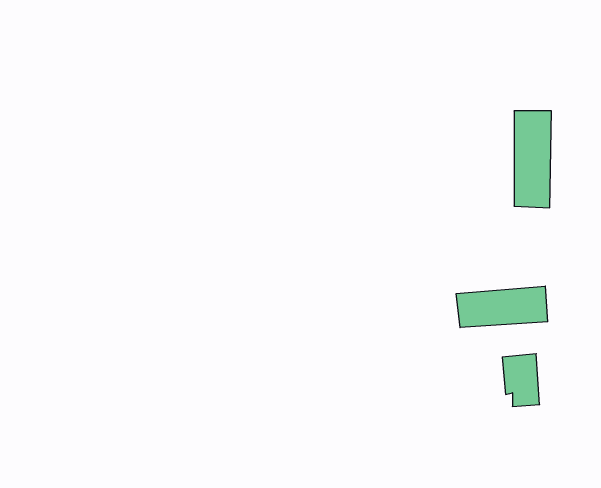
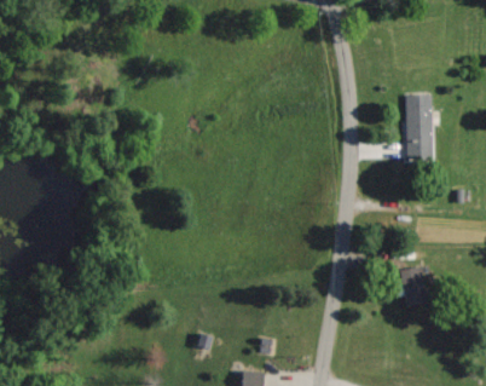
building: [456,286,548,328] -> none

